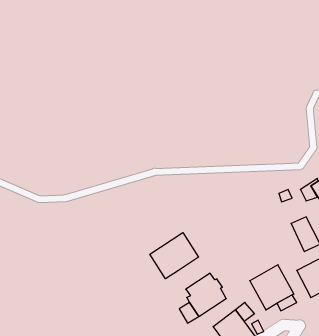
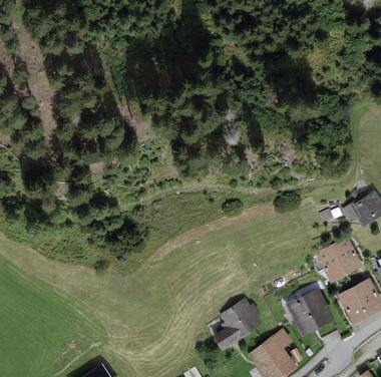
building: none -> [313,245,346,283]
building: [150,233,199,279] -> none

